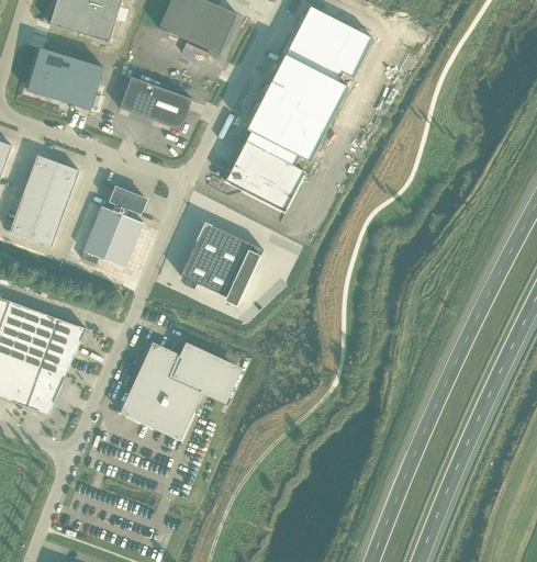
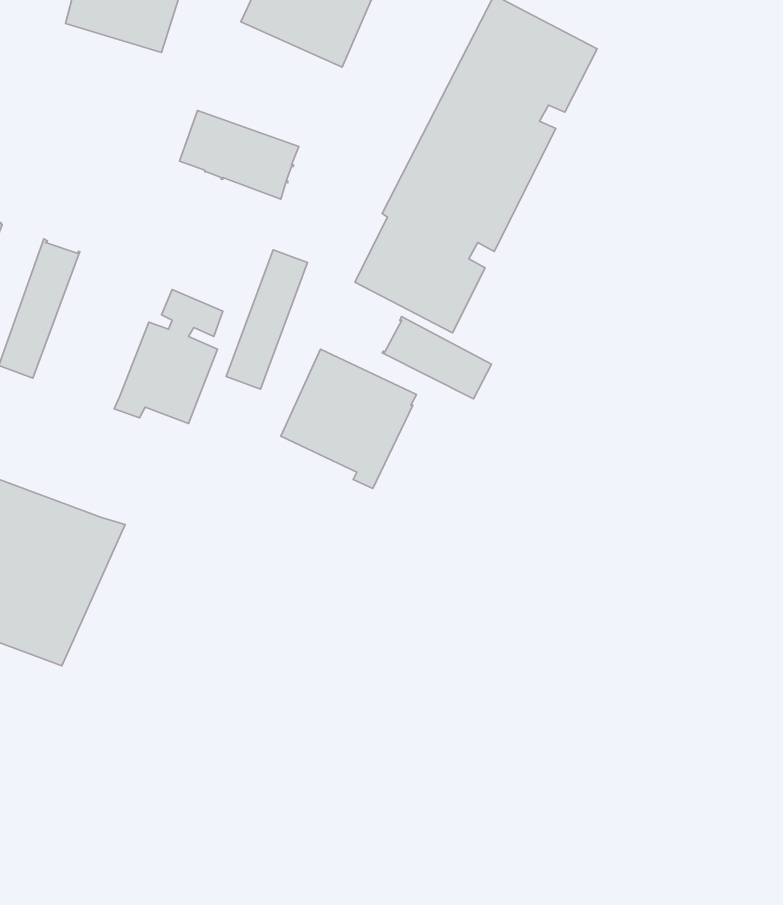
building: [26,48,103,110] -> none
building: [30,162,79,247] -> [226,250,308,389]
building: none -> [382,316,491,399]
building: [120,341,233,440] -> none

